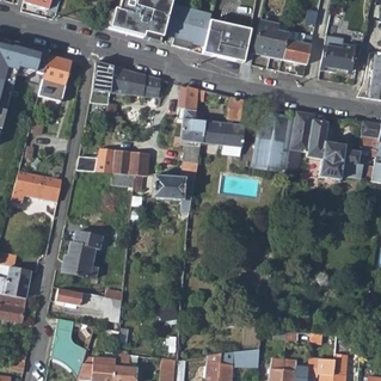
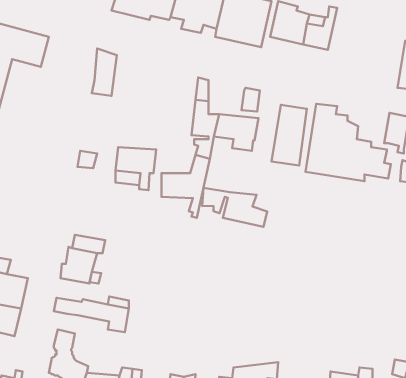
building: [321,43,356,70] -> none
building: [39,56,72,102] -> none
building: [107,68,161,117] -> none
building: [12,170,63,203] -> none
building: none -> [202,188,267,227]

